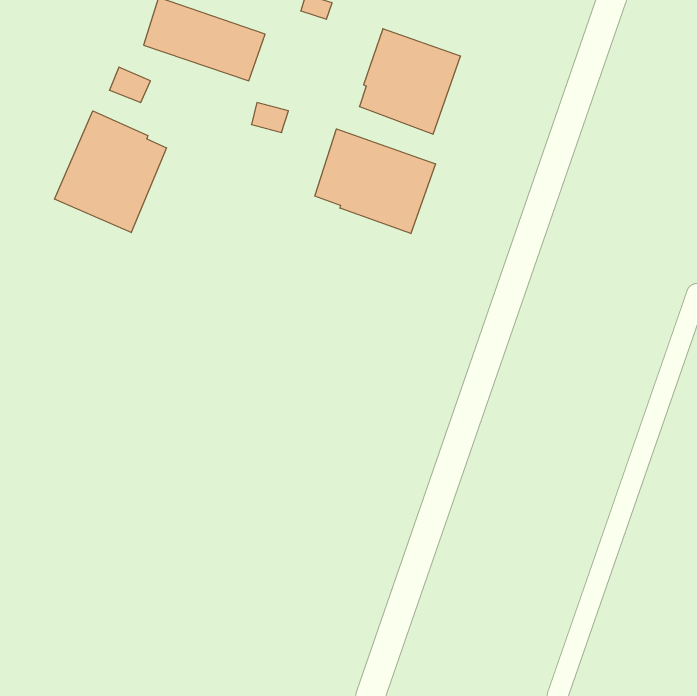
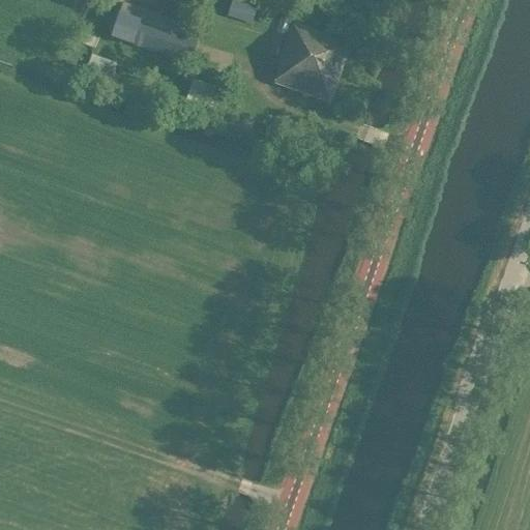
building: [55,111,167,233] -> none
building: [315,129,435,234] -> none

